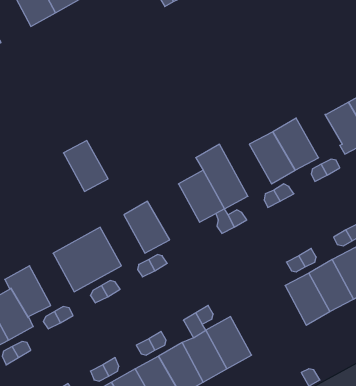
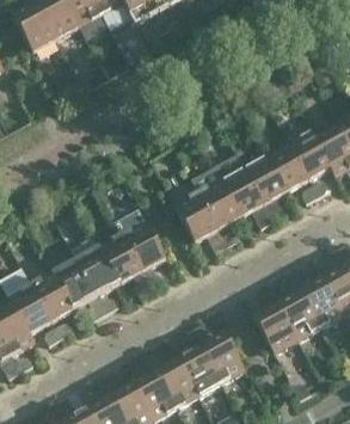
building: none -> [288,128,332,179]
building: none -> [214,154,264,216]
building: [63,141,108,191] -> [99,234,142,283]
building: none -> [31,271,74,321]
building: none -> [253,302,297,354]

